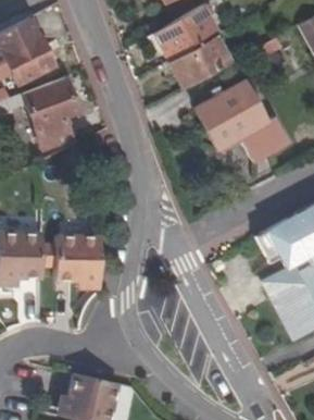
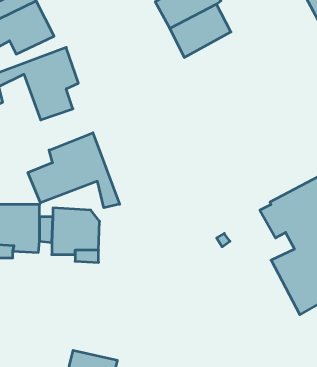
building: [193,78,289,161] -> none
building: none -> [28,133,120,208]

